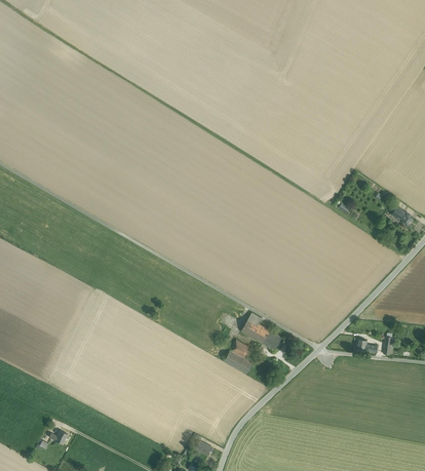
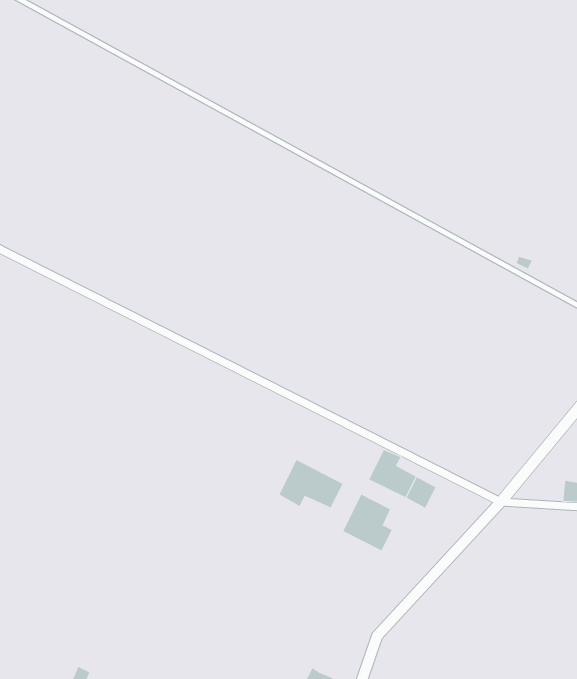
building: none -> [279,459,343,508]

